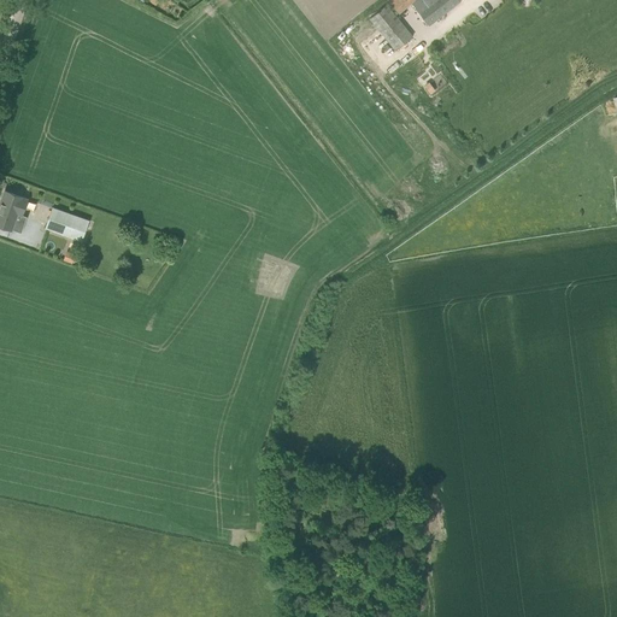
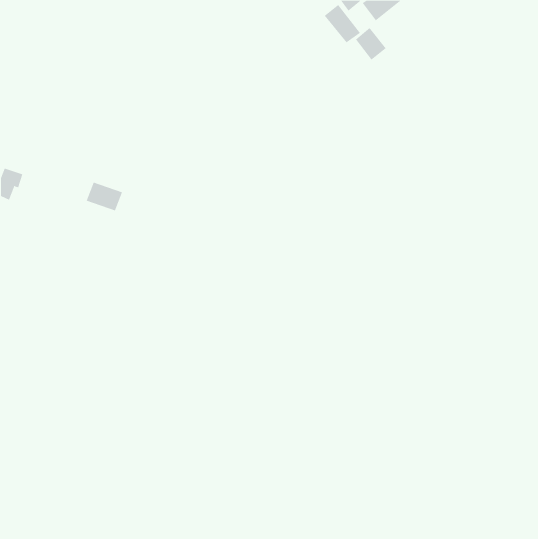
building: none -> [355,27,387,60]
building: [46,207,88,241] -> [86,182,123,211]

